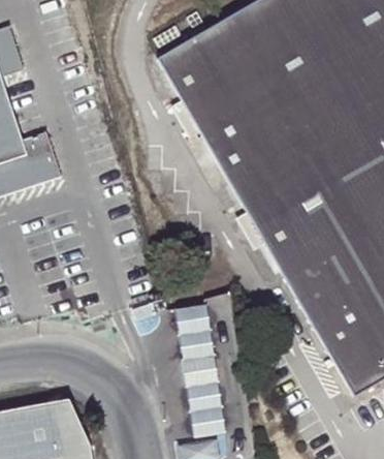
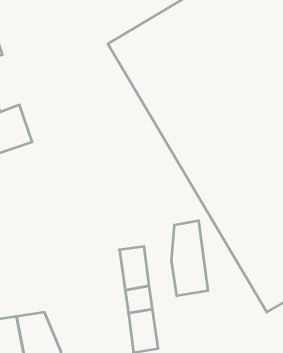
building: none -> [172,221,208,296]

